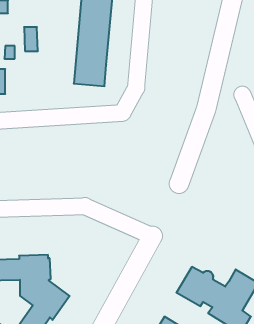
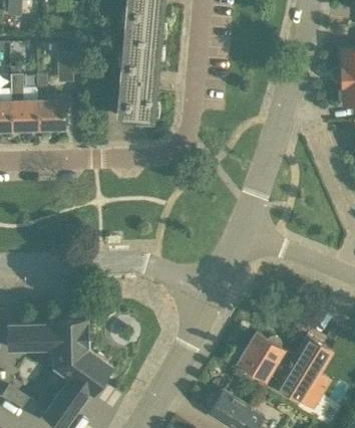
building: none -> [36,100,64,131]

